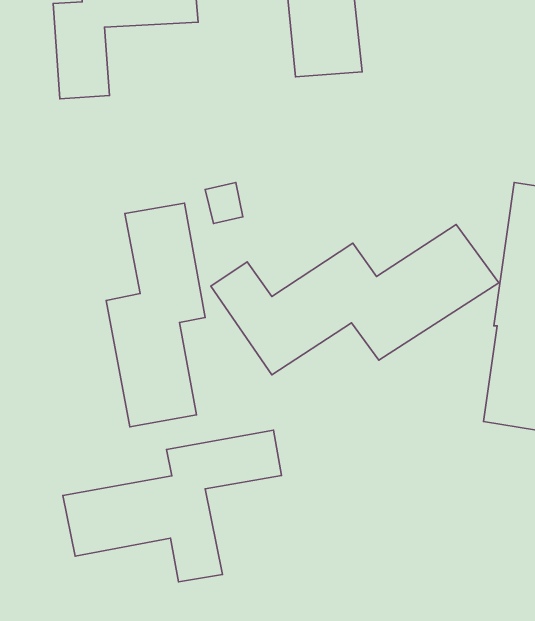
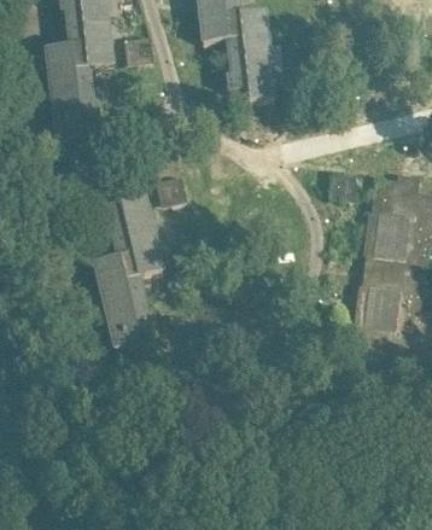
building: [211,224,499,375] -> none
building: [63,430,282,582] -> none

